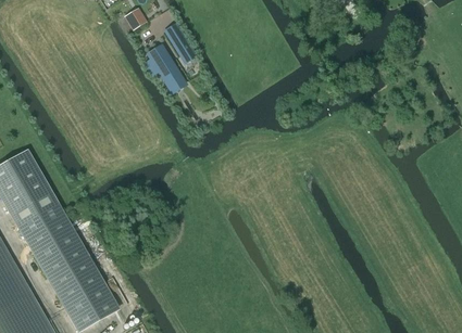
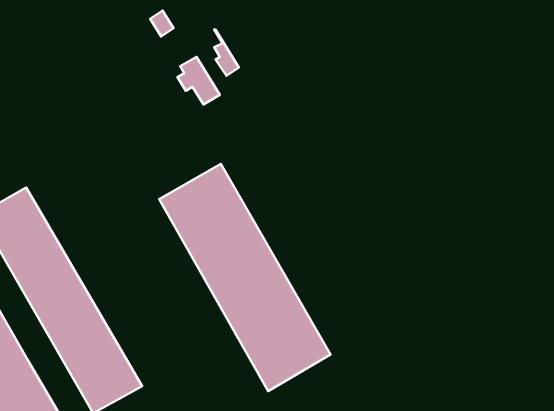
building: none -> [159,164,331,391]

